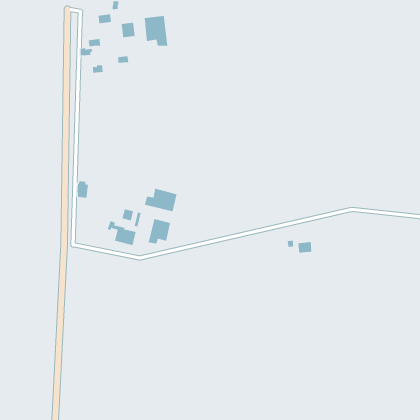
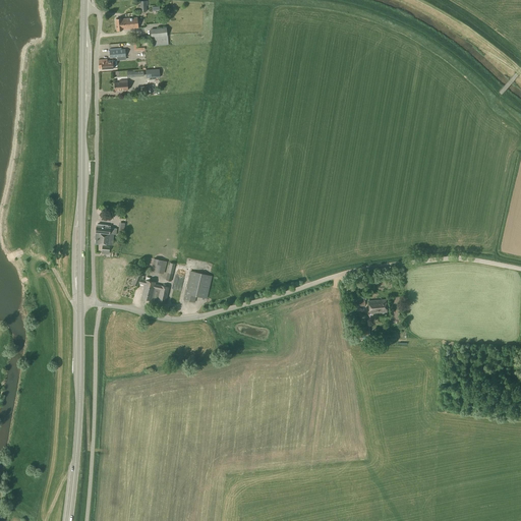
building: [144,15,168,47] -> none
building: [144,188,177,212] -> none

